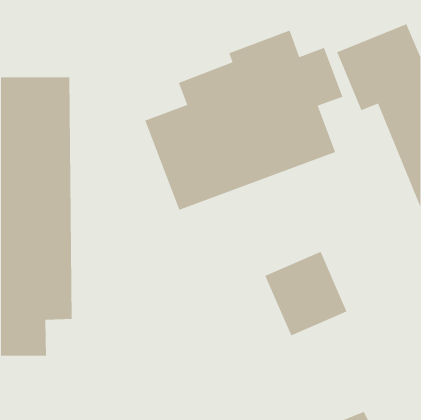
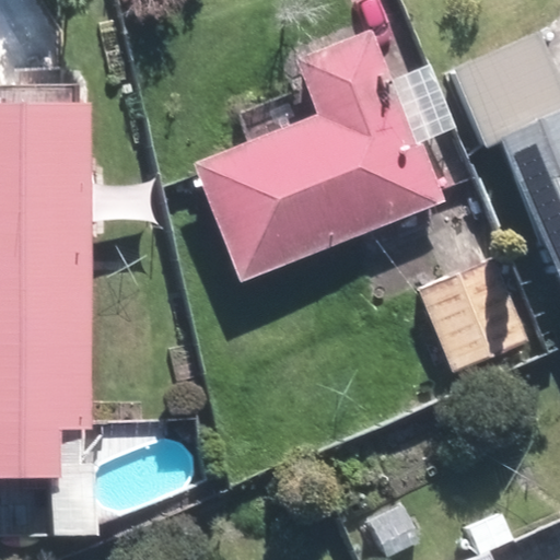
building: [264,251,348,336] -> [419,262,529,376]

